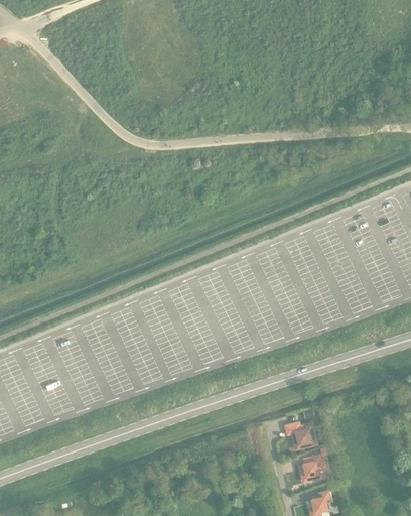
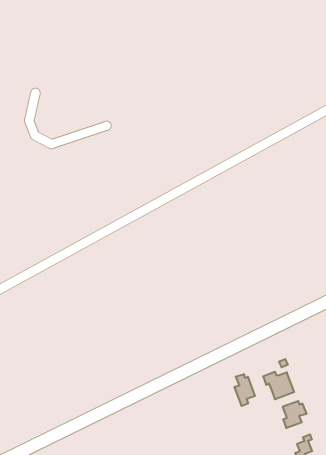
building: none -> [235,374,255,406]

